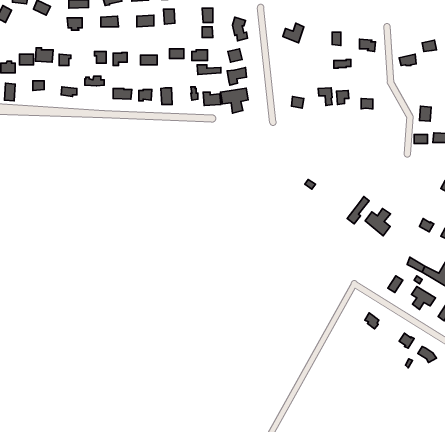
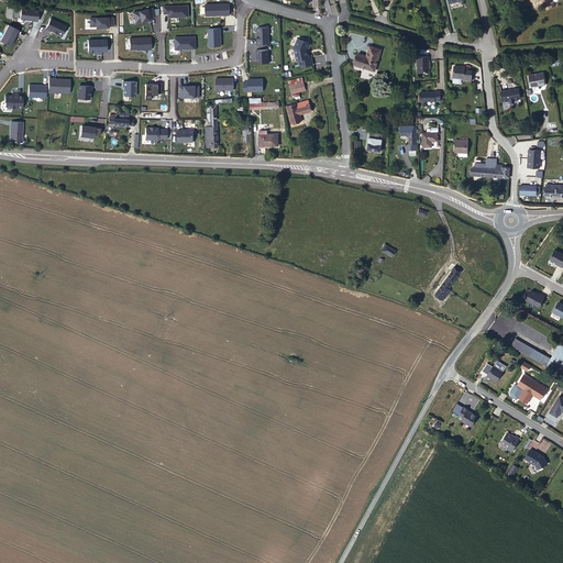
building: [220,88,248,113] -> none
building: none -> [468,154,509,177]
building: [365,209,391,236] -> none

